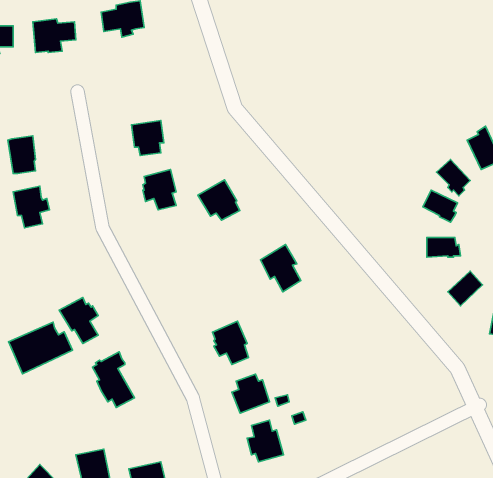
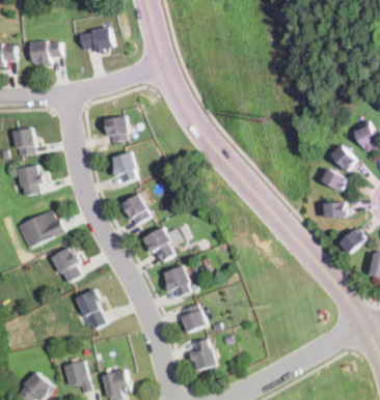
building: [198,180,240,220] -> [120,194,152,224]
building: [261,244,301,292] -> [145,227,175,262]
building: [8,322,73,374] -> [17,210,64,249]

